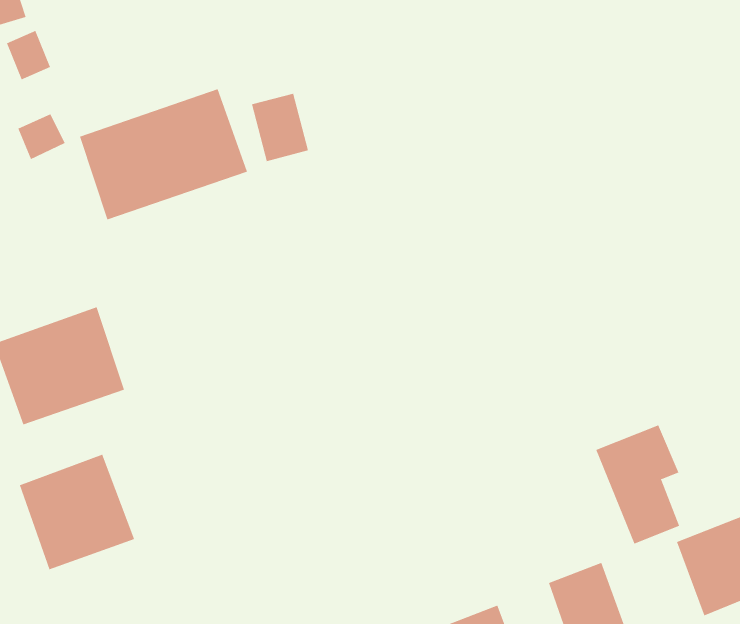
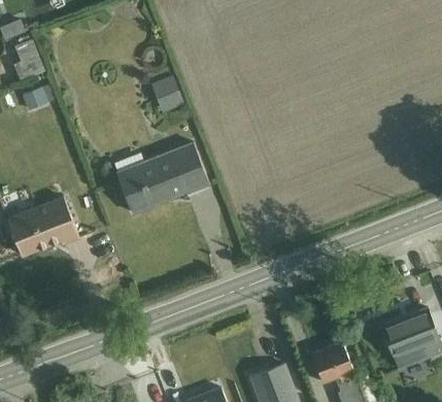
building: [79,88,248,220] -> [116,144,210,217]
building: [595,424,680,544] -> none
building: [19,454,135,570] -> none

